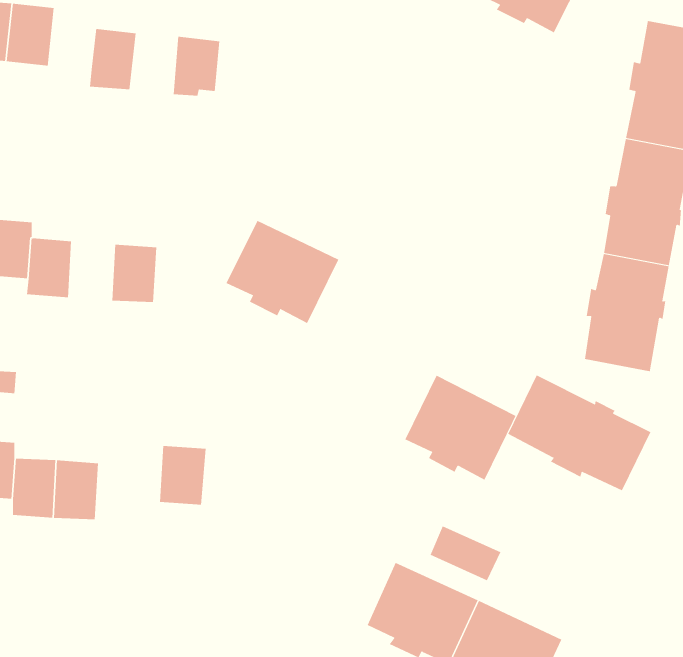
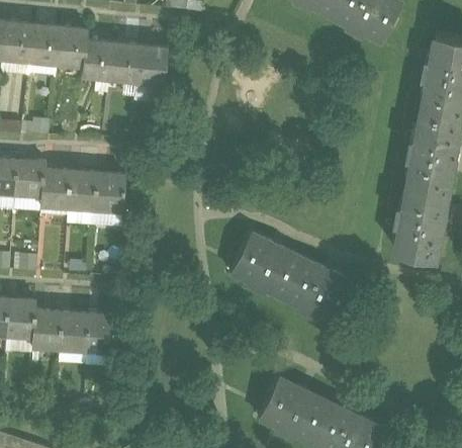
building: none -> [54,24,85,64]
building: none -> [106,40,136,80]
building: [226,220,339,324] -> [229,235,302,301]
building: none -> [67,174,96,212]
building: [508,375,651,491] -> none
building: [159,445,207,505] -> [84,317,114,355]
building: [430,525,501,581] -> none

